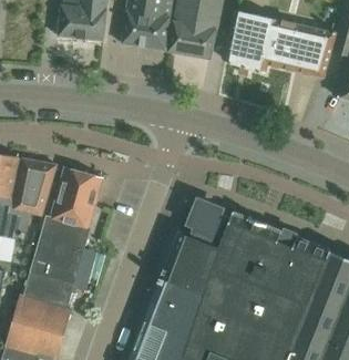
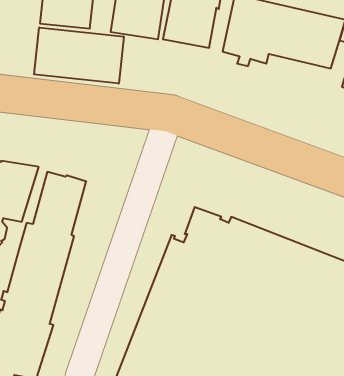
building: none -> [34,27,124,84]

